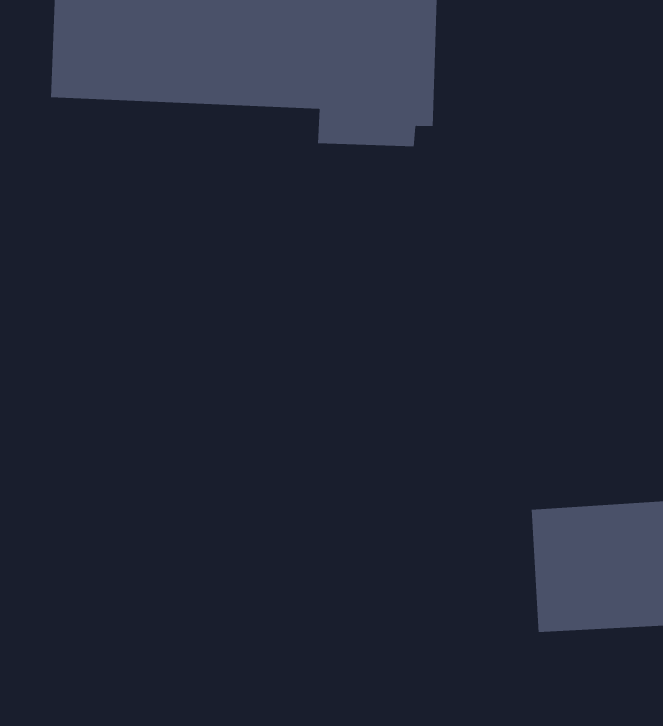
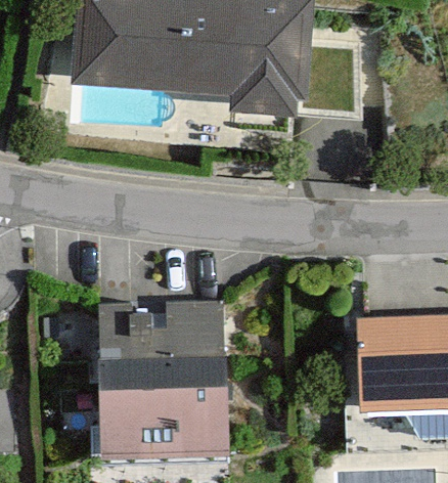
building: none -> [103,338,224,448]

